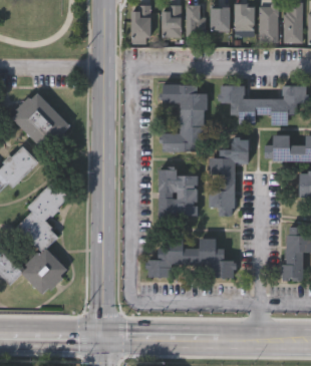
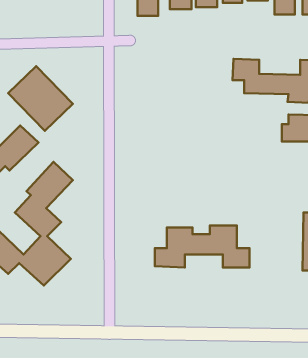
building: [162,83,205,151] -> none
building: [210,137,249,215] -> none
building: [159,168,198,216] -> none

